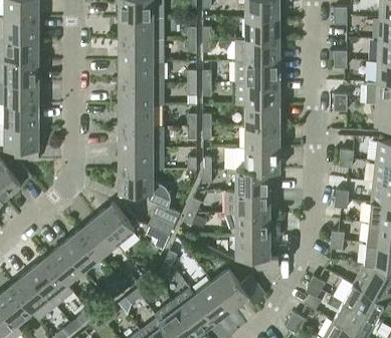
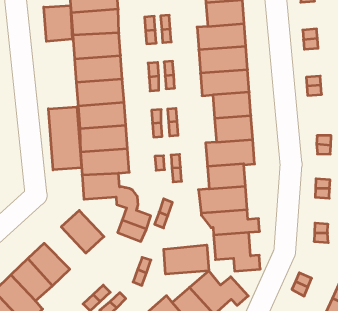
building: none -> [44,6,72,41]
building: none -> [48,107,82,170]
building: [77,217,116,257] -> none
building: none -> [164,245,209,274]

